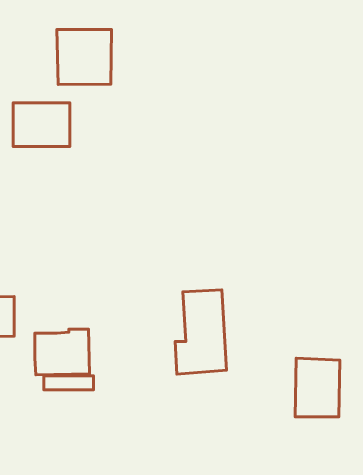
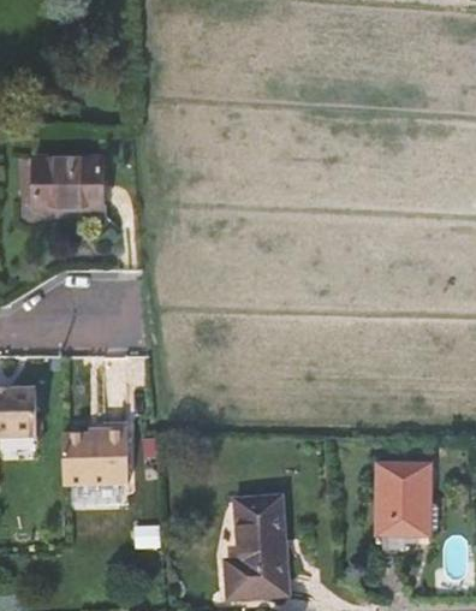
building: [57,29,111,84] -> none
building: [175,290,227,374] -> [226,497,288,599]

